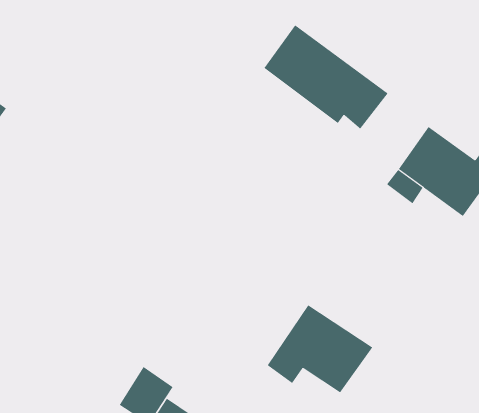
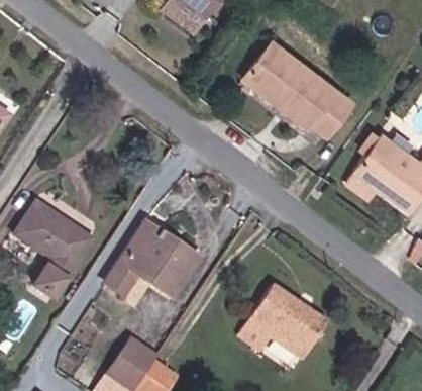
building: none -> [15,198,94,294]
building: none -> [109,219,205,297]

